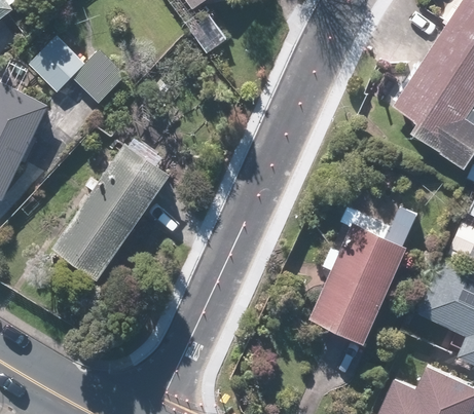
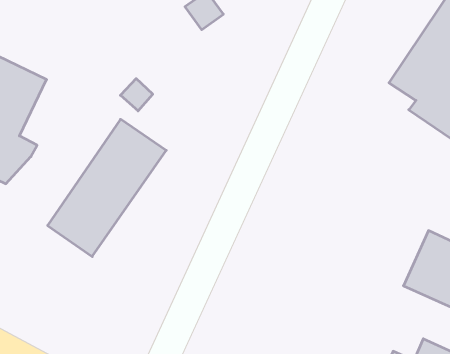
building: [26,39,124,105] -> none
building: [311,205,414,341] -> none

